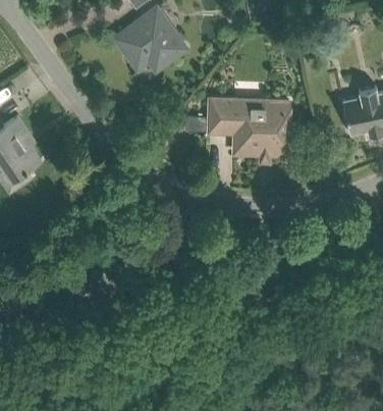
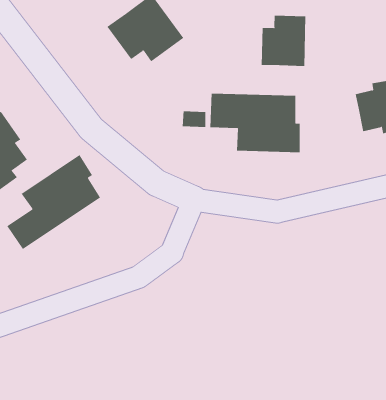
building: none -> [261,15,306,67]
building: none -> [7,154,101,250]

